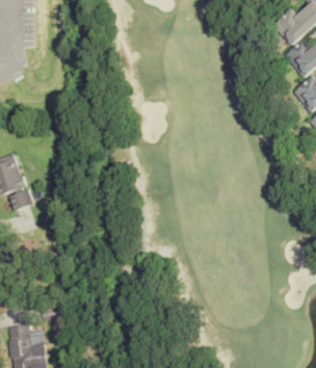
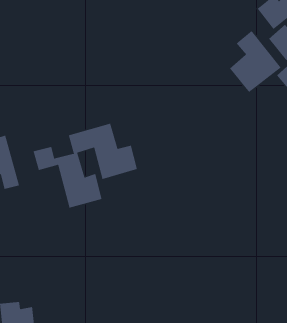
building: none -> [229,30,282,93]
building: none -> [33,123,138,209]

